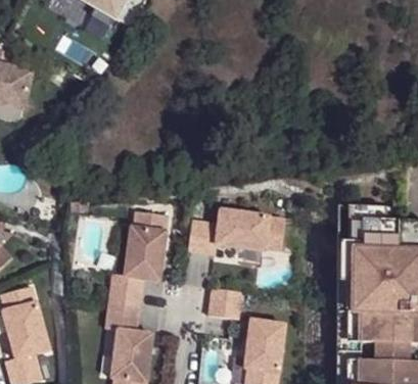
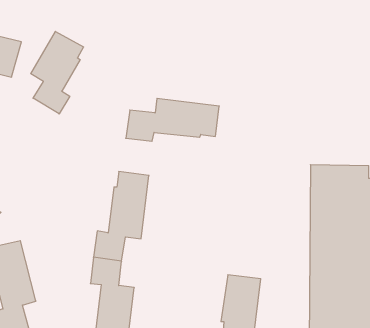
building: none -> [31,31,84,114]
building: [187,209,285,254] -> [126,98,219,141]
building: [208,288,242,319] -> none

